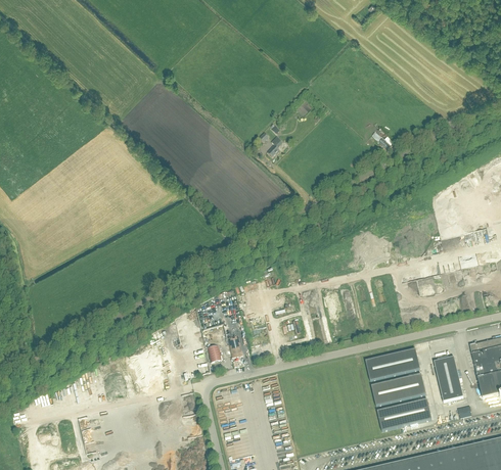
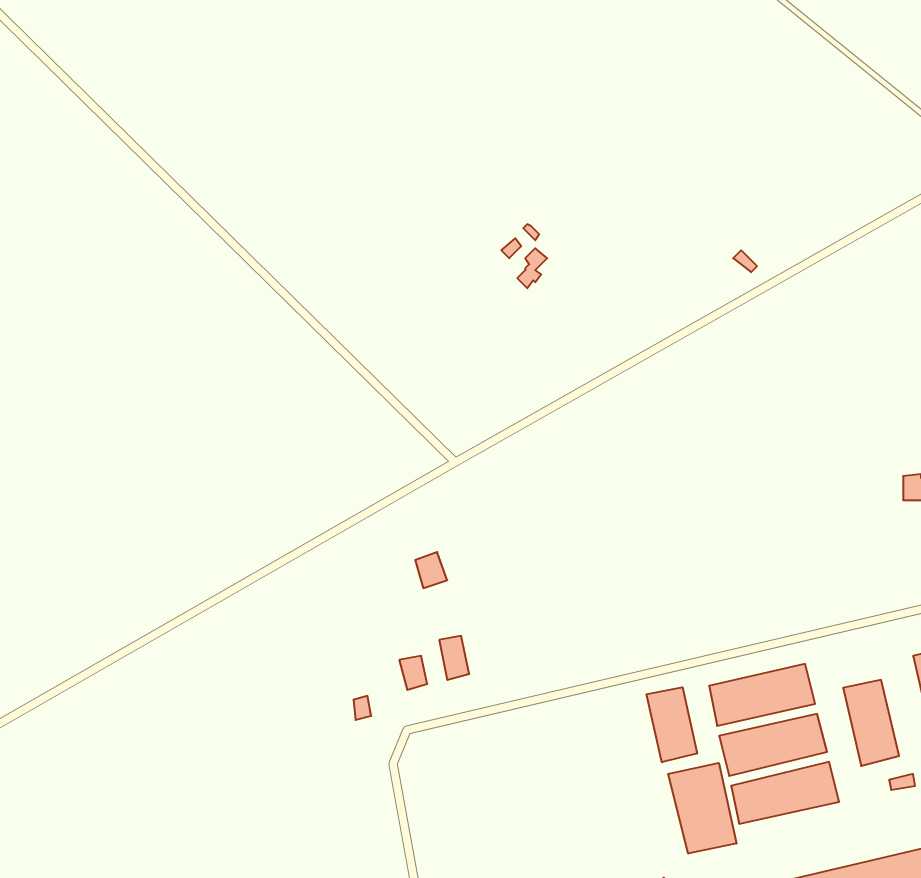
building: none -> [647,687,697,762]
building: none -> [668,763,736,854]

